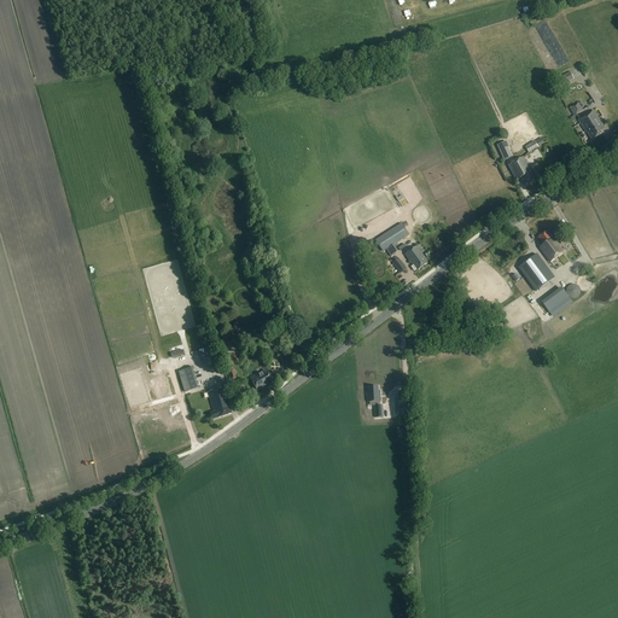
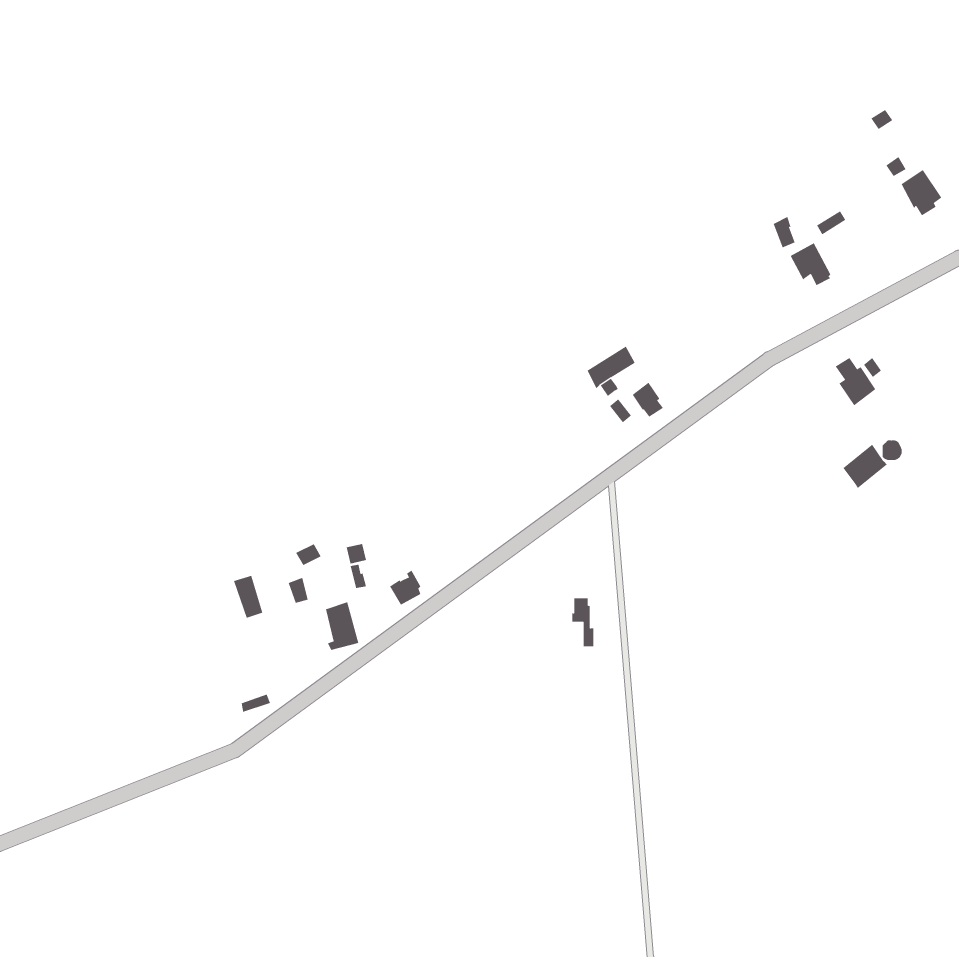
building: [517,252,553,290] -> none

